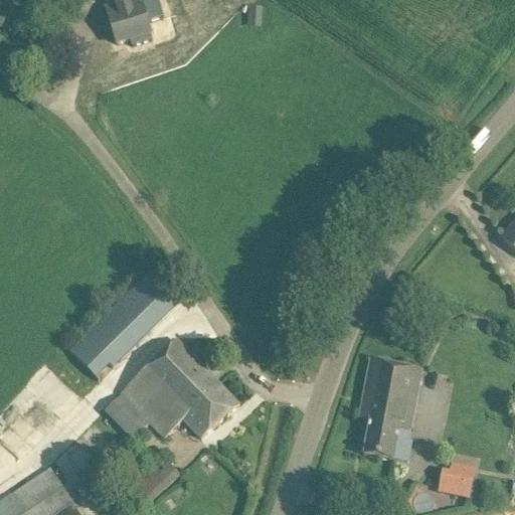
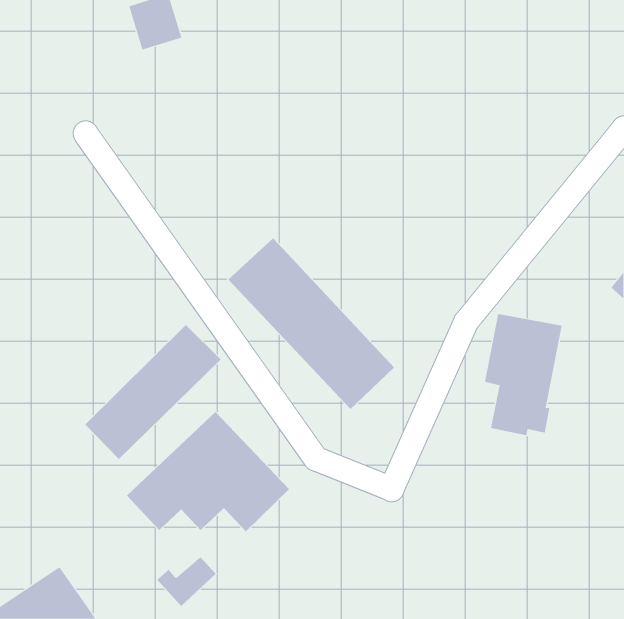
building: none -> [227,237,395,410]
building: [358,357,422,458] -> [484,313,563,436]
building: [441,459,478,496] -> none

